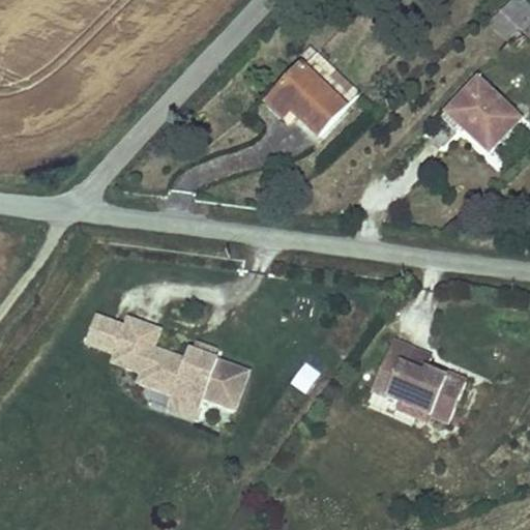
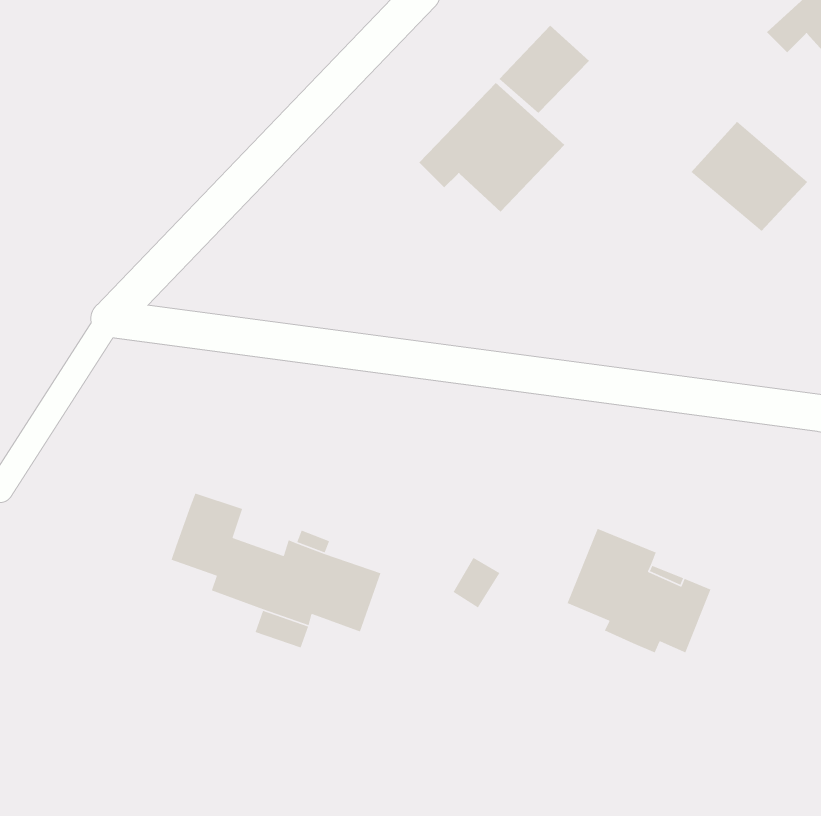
building: none -> [499,25,590,114]
building: [84,314,123,351] -> none

